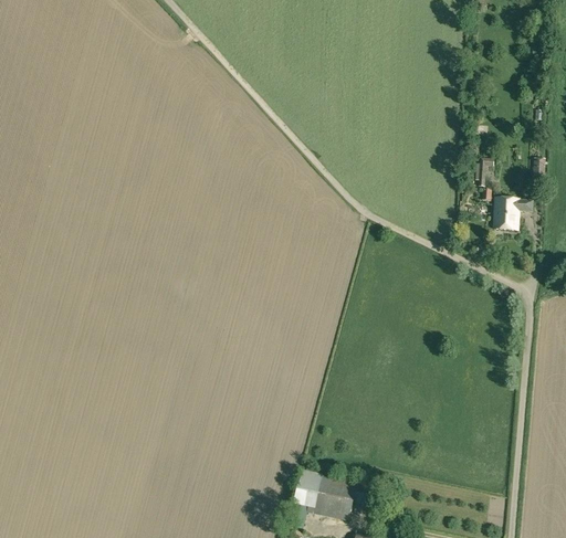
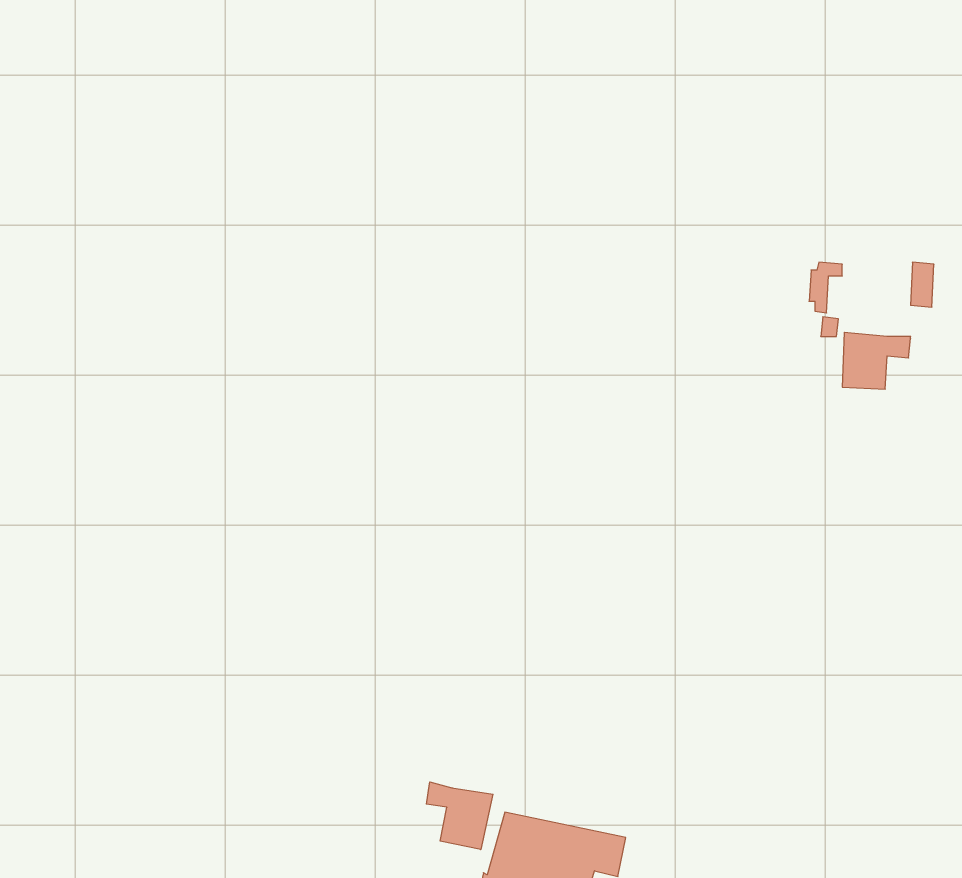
building: none -> [426,782,493,850]

